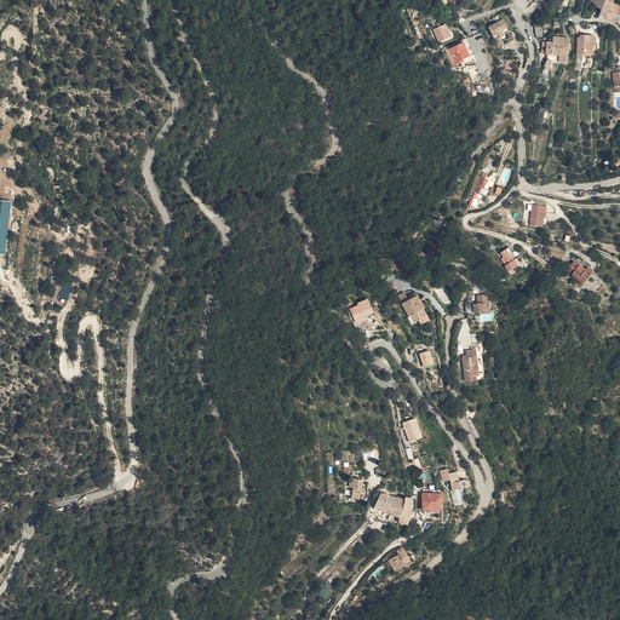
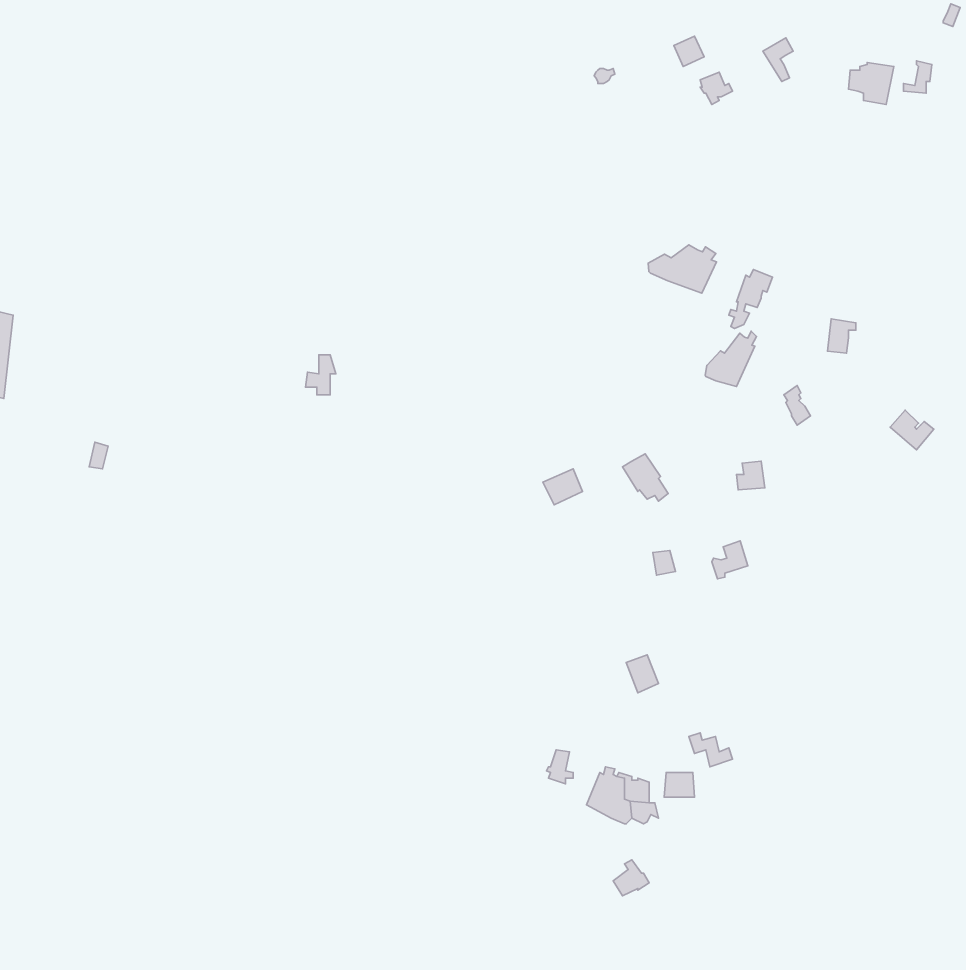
building: none -> [648,245,716,293]
building: none -> [705,331,757,387]

